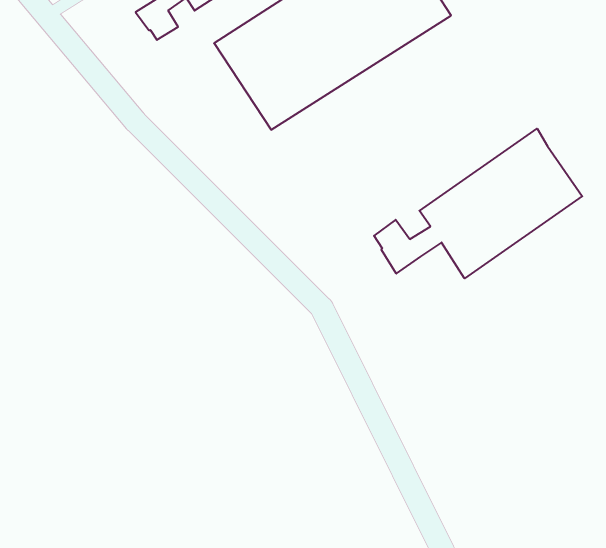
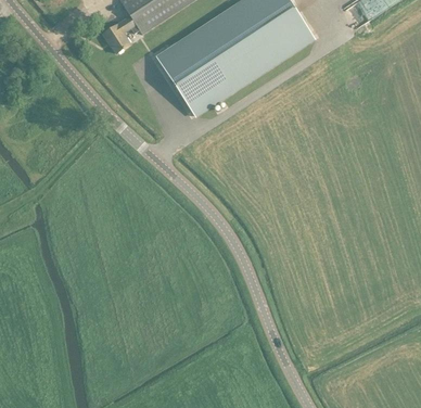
building: [374,129,582,278] -> none

